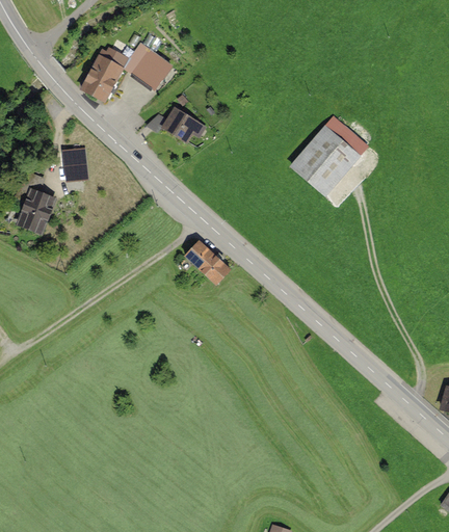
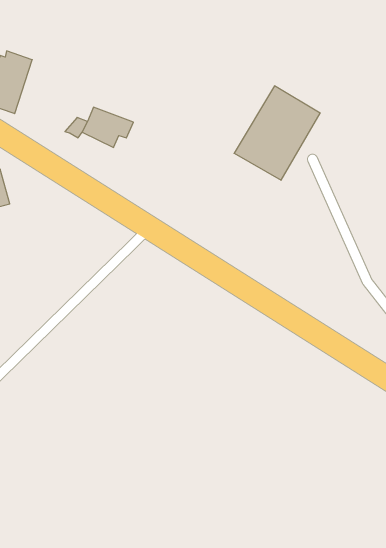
building: [133,49,175,89] -> none
building: [185,240,232,285] -> none

